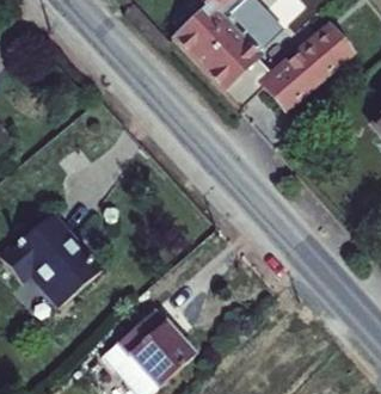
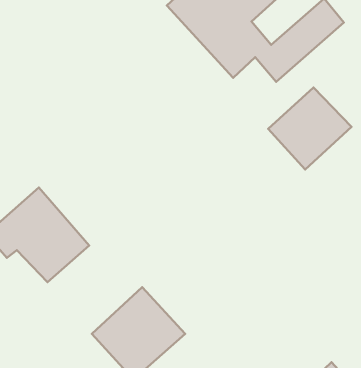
building: none -> [268,87,352,169]

